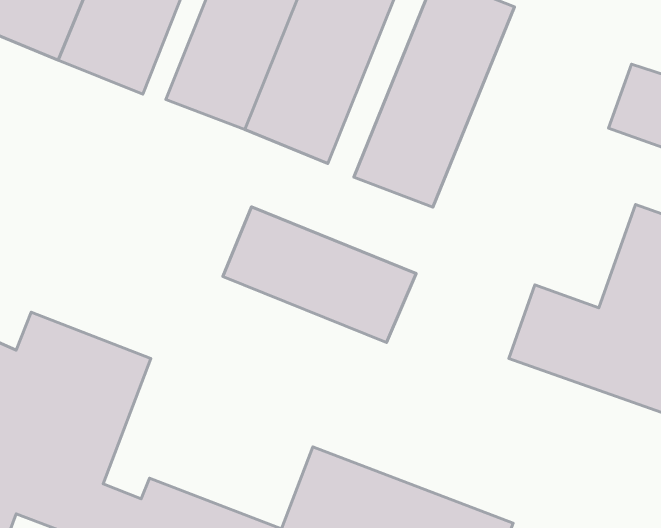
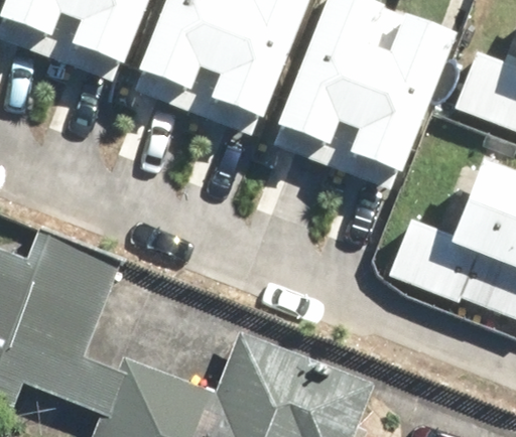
building: none -> [333,9,455,182]
building: [223,207,416,343] -> none

